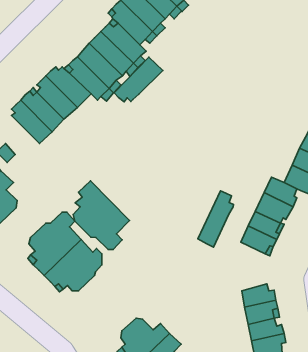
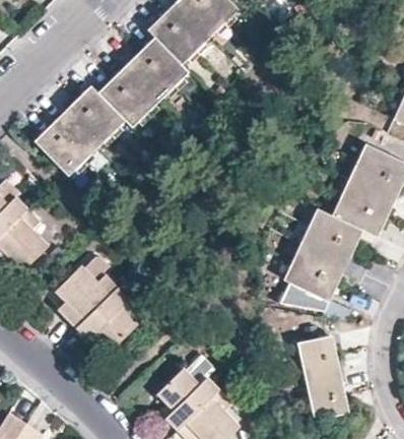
building: [114,57,163,102] -> none
building: [73,181,129,250] -> none
building: [198,191,233,247] -> none

